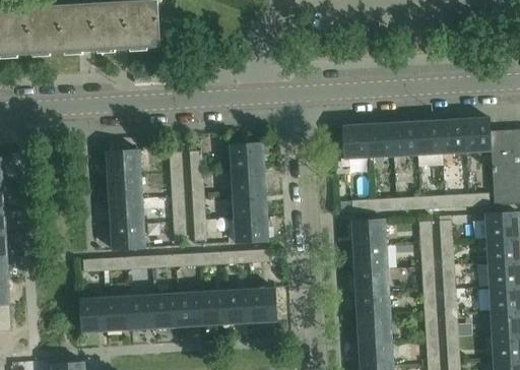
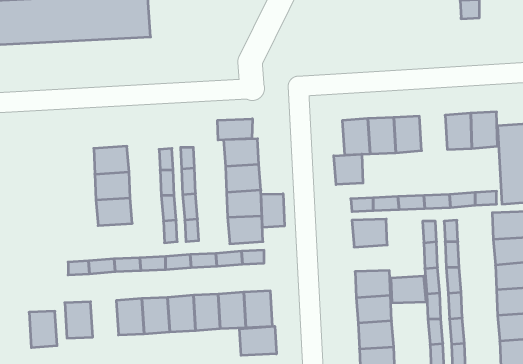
building: [415,121,442,155] -> none
building: none -> [218,119,252,140]
building: none -> [334,154,363,185]
building: none -> [261,194,284,227]
building: [111,224,144,250] -> none
building: [353,244,387,269] -> [391,276,426,303]
building: [104,297,130,331] -> [29,311,57,348]
building: none -> [239,326,276,355]

